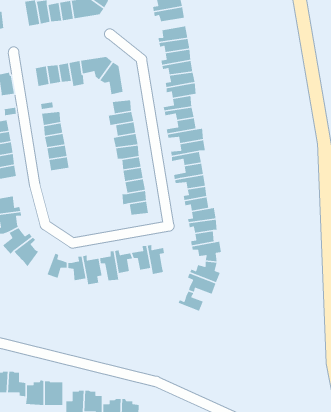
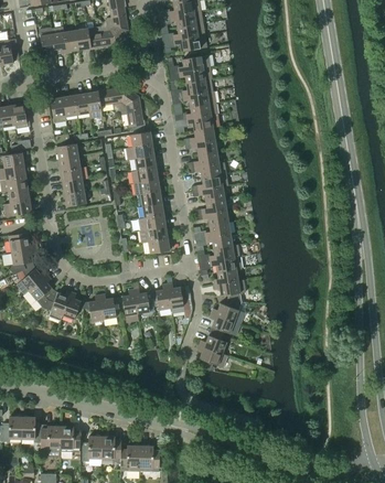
building: none -> [43,289,72,320]
building: none -> [197,344,227,369]

